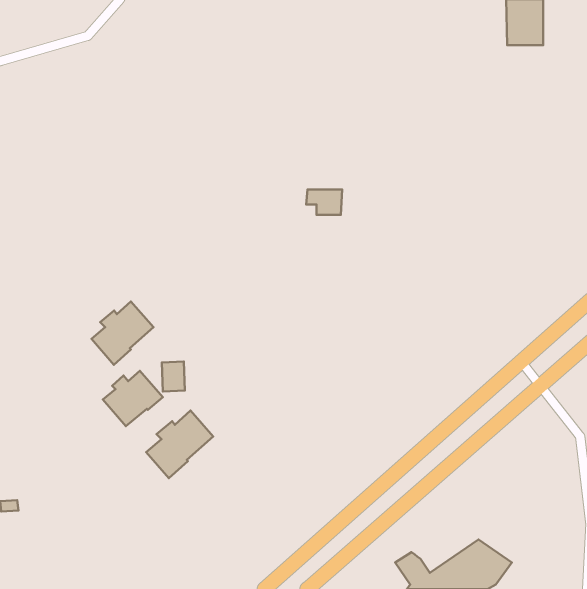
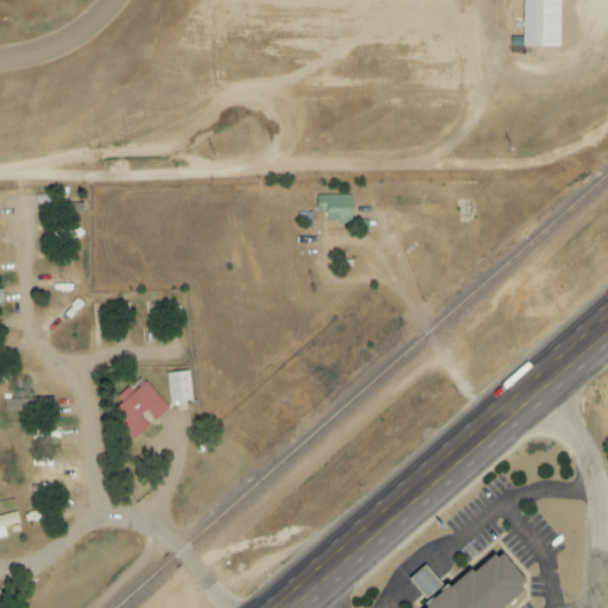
building: [91,301,153,365] -> none
building: [146,411,213,478] -> none

